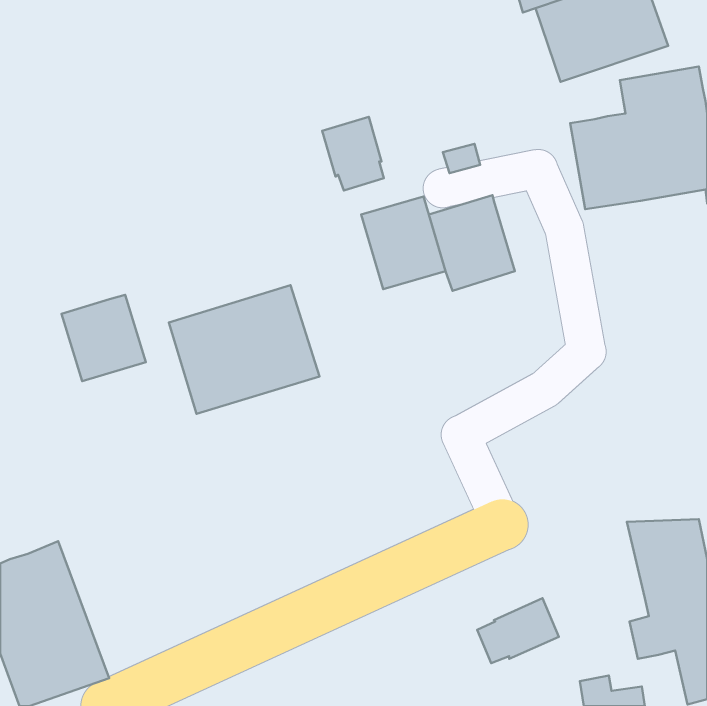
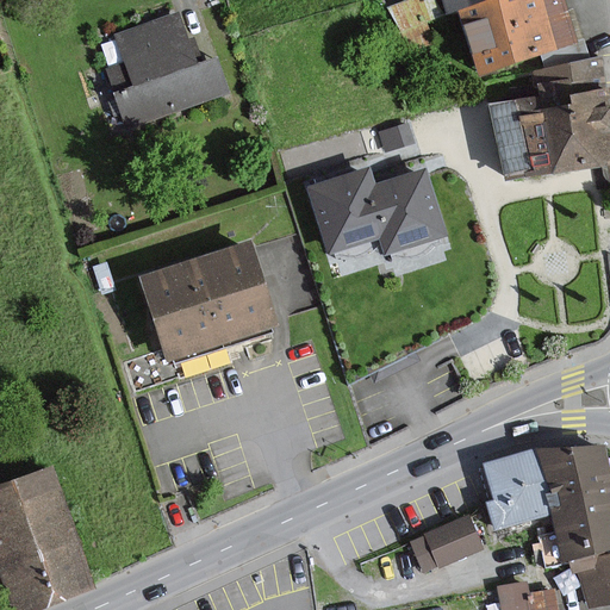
building: none -> [116,13,226,127]
building: [322,117,384,191] -> none
building: [61,295,146,381] -> none
building: none -> [490,449,555,528]

